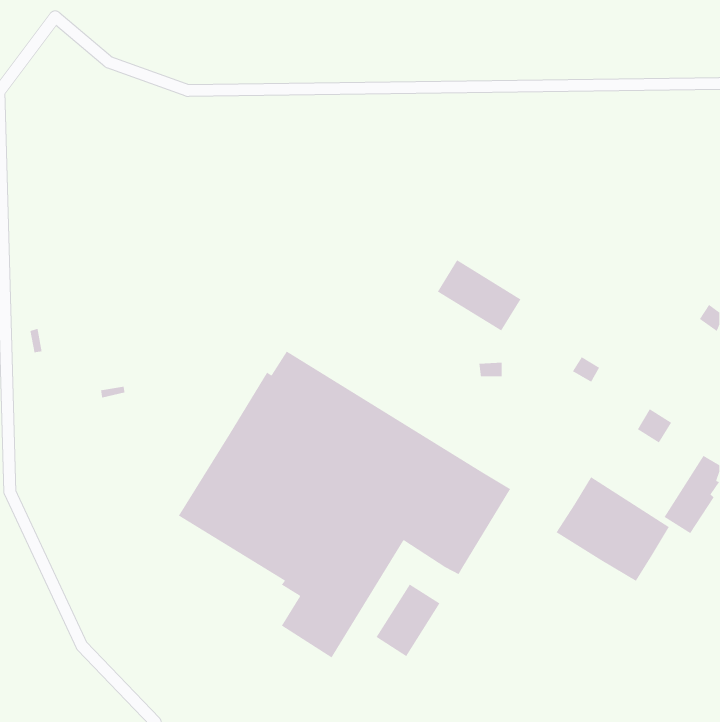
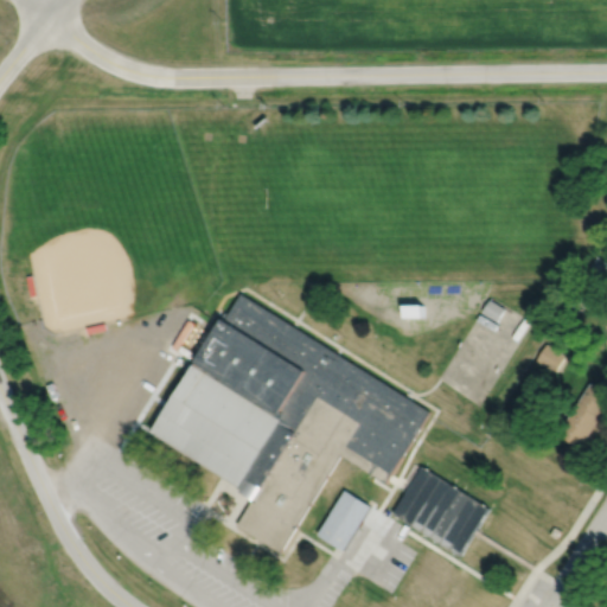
building: [437,259,521,332] -> none
building: [556,476,670,582] -> [392,466,488,555]

